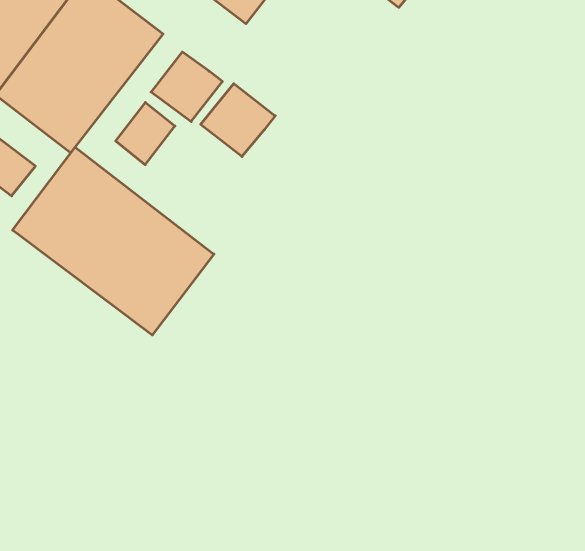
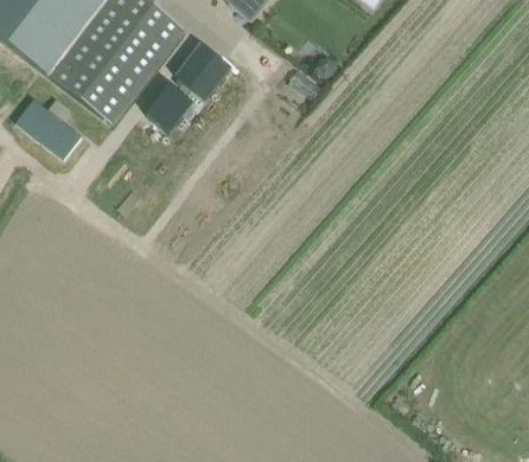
building: [201,84,275,157] -> none
building: [13,147,214,335] -> none

